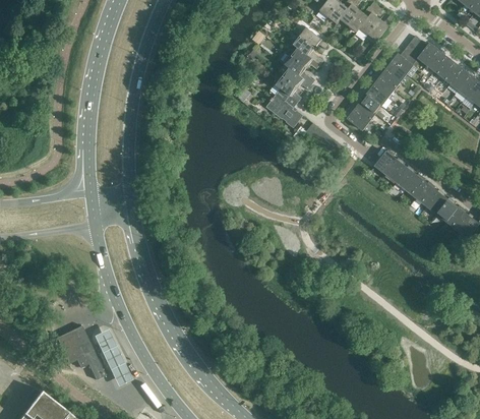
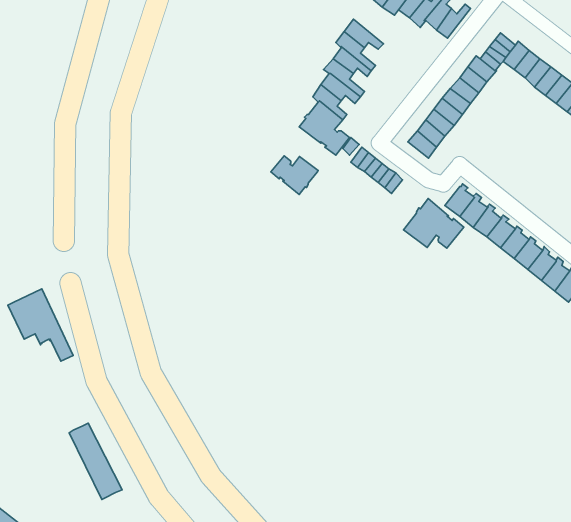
building: none -> [271,156,318,195]
building: none -> [404,199,464,248]
building: [56,325,105,379] -> [8,289,73,361]

